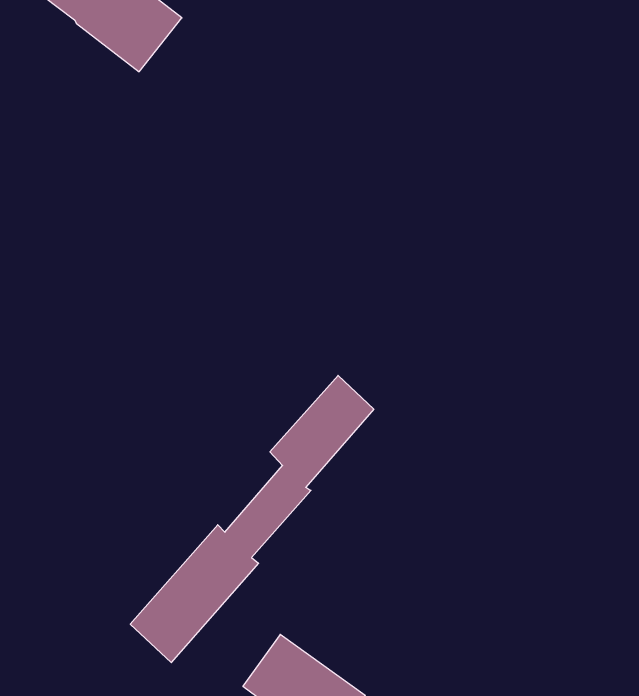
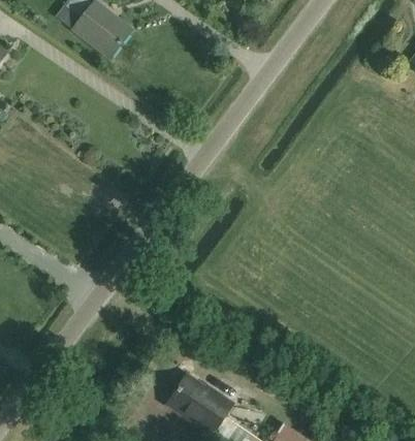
building: [130,375,374,663] -> none

